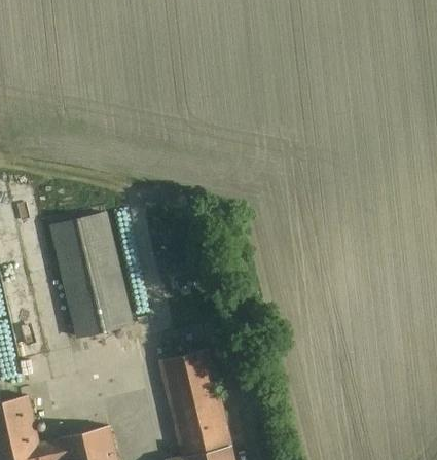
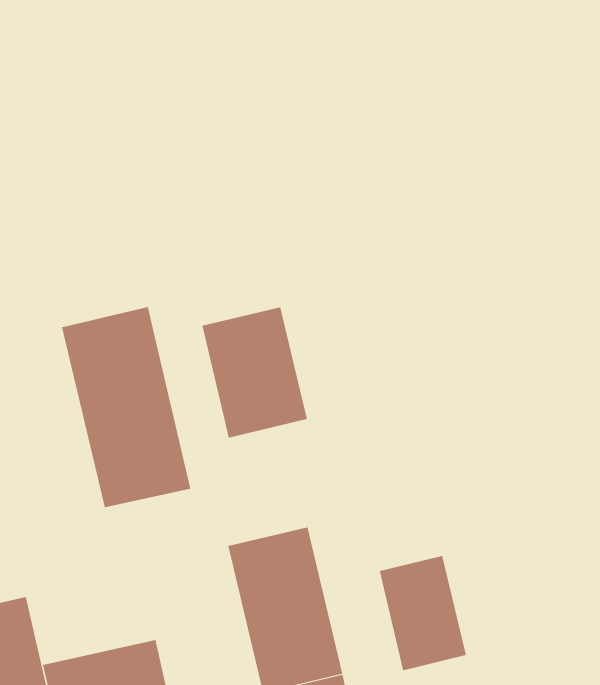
building: none -> [202,307,307,438]
building: none -> [379,555,466,671]

